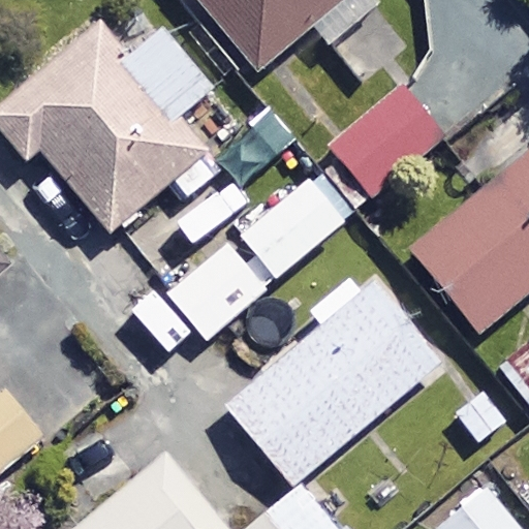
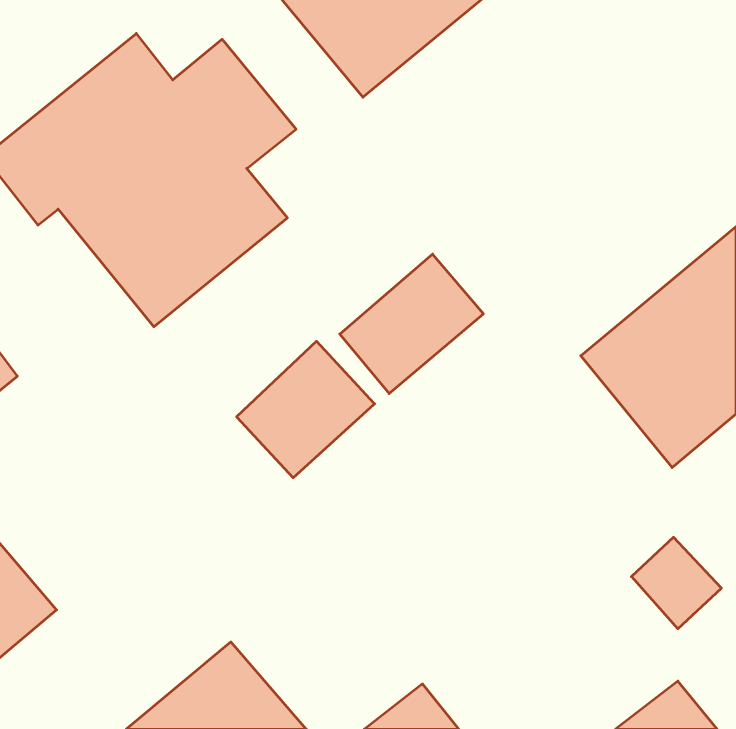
building: [331,86,443,194] -> none
building: [227,268,441,485] -> none

